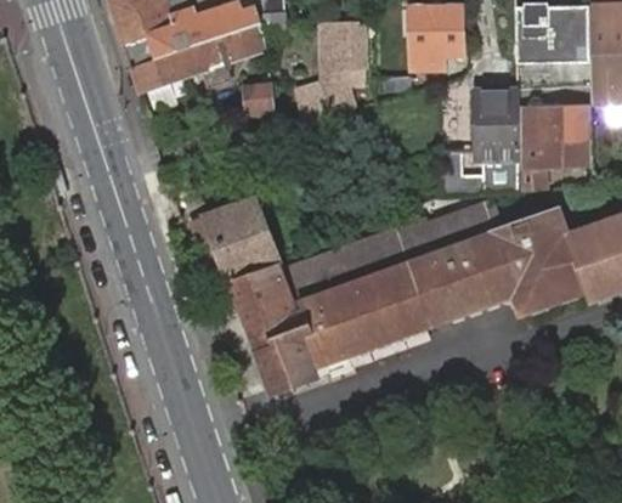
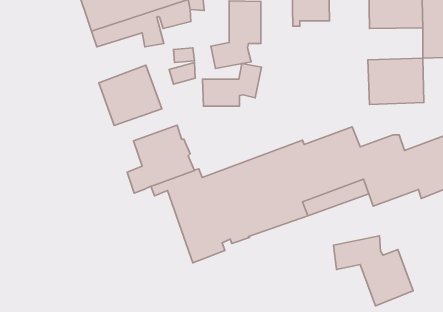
building: [441,87,518,197] -> none
building: none -> [203,64,261,106]
building: none -> [99,65,162,126]
building: none -> [334,236,413,306]

